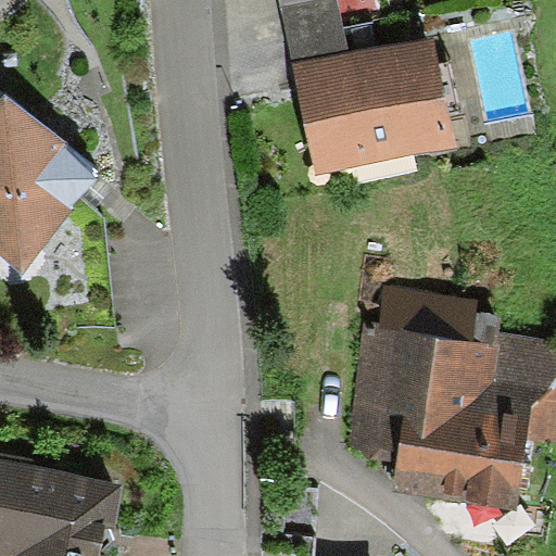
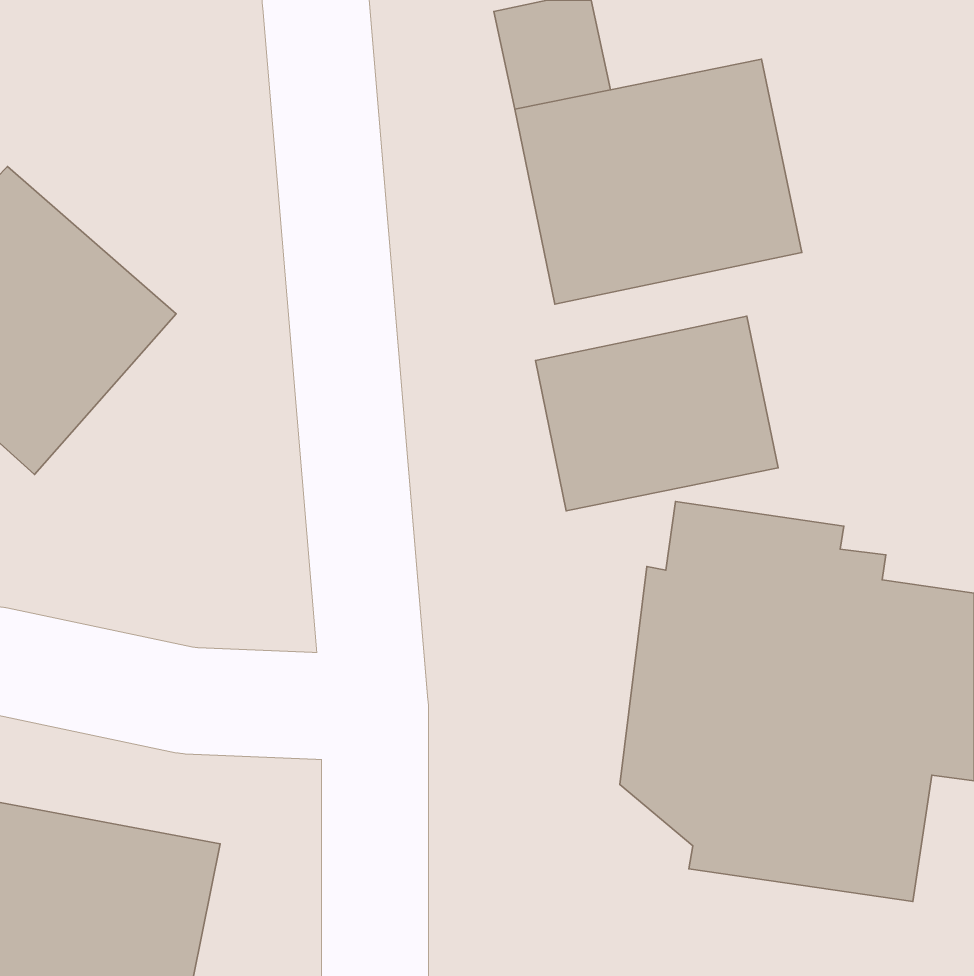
building: none -> [535,316,778,511]

